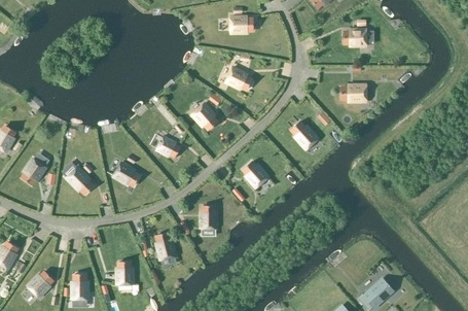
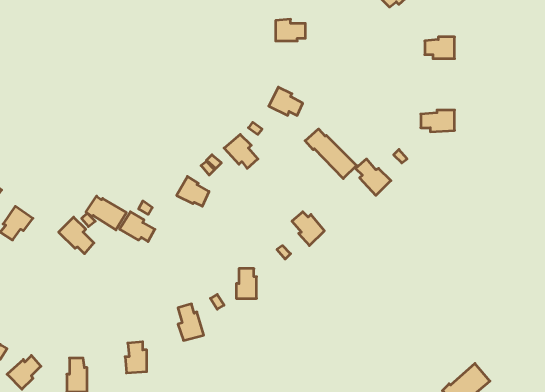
building: none -> [305,129,357,179]
building: none -> [86,196,126,230]

